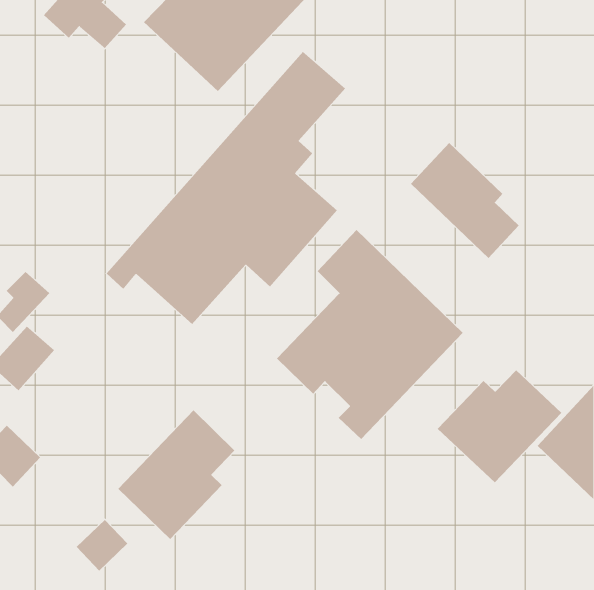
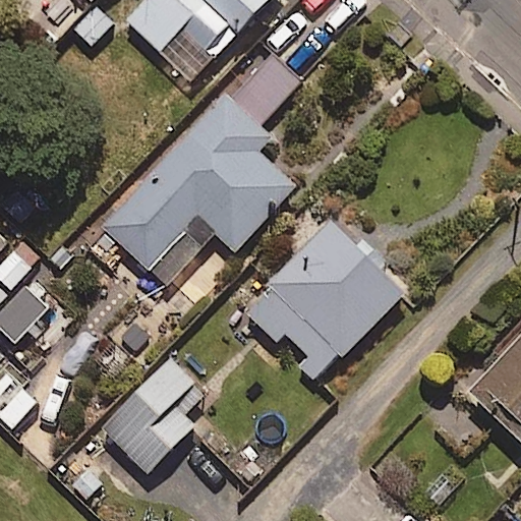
building: [410,142,520,259] -> none
building: [437,369,562,483] -> none

